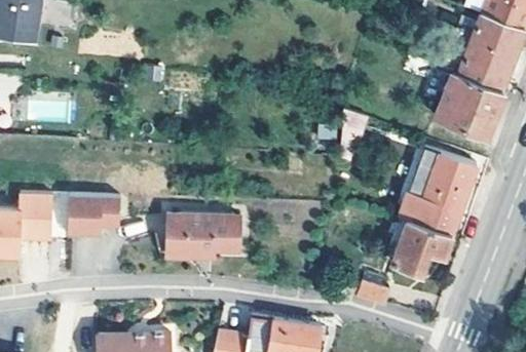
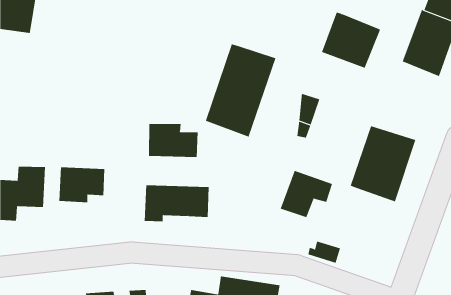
building: none -> [205,43,276,137]
building: [436,72,504,136] -> [321,12,381,69]
building: none -> [148,123,198,158]
building: [391,219,452,273] -> [280,170,333,218]

